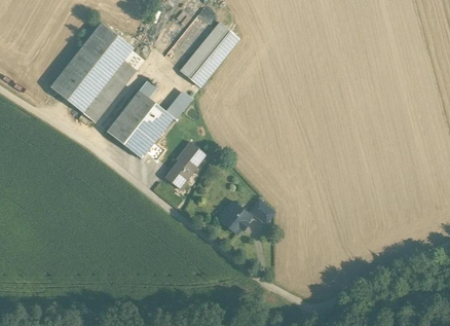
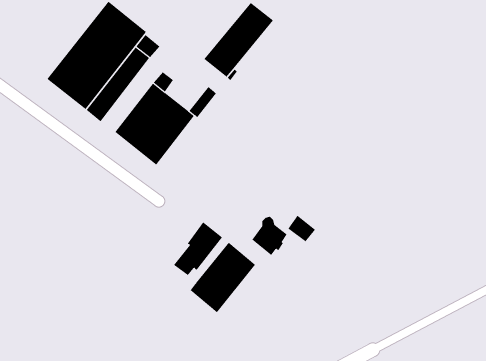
building: [164,141,205,186] -> [173,221,223,276]
building: none -> [190,242,256,313]

